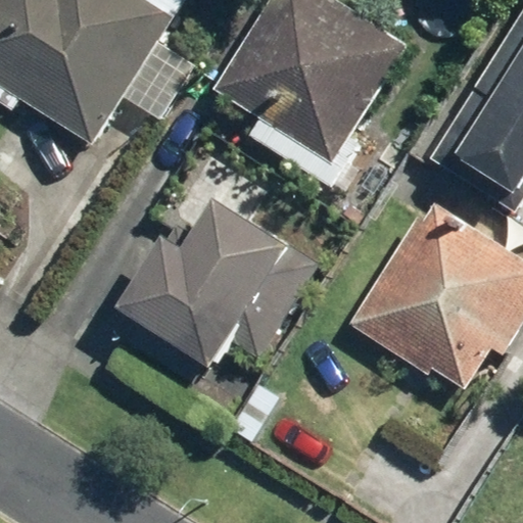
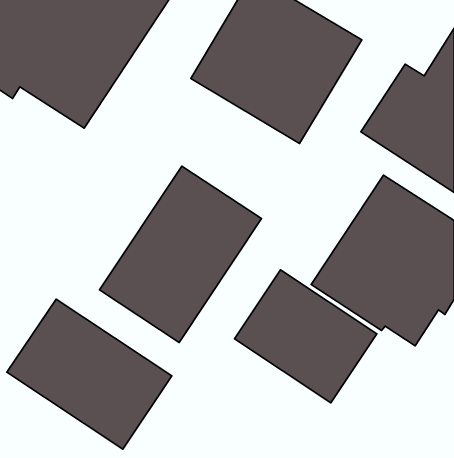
building: none -> [234,270,377,403]
building: none -> [7,299,172,449]

